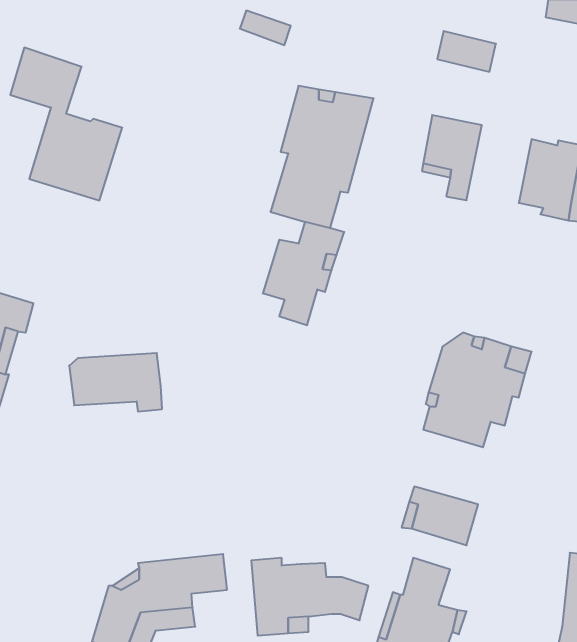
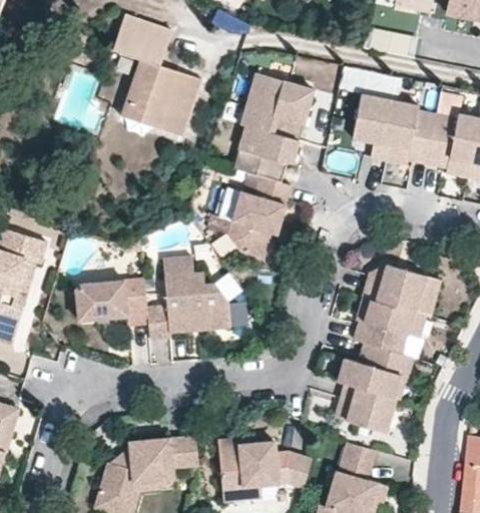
building: [10,48,122,200] -> [110,20,198,140]
building: none -> [388,100,439,163]
building: none -> [147,254,231,338]
building: none -> [338,343,413,397]

